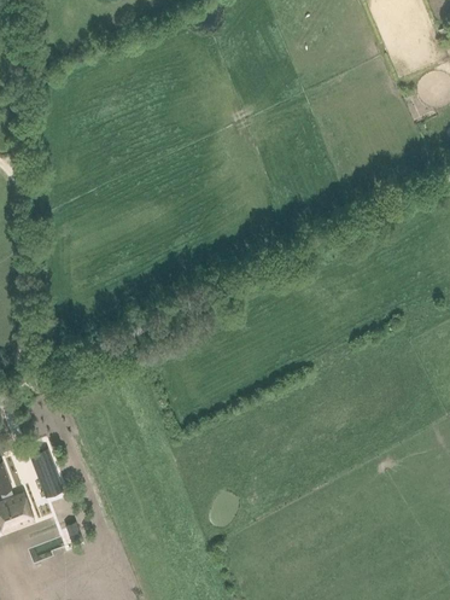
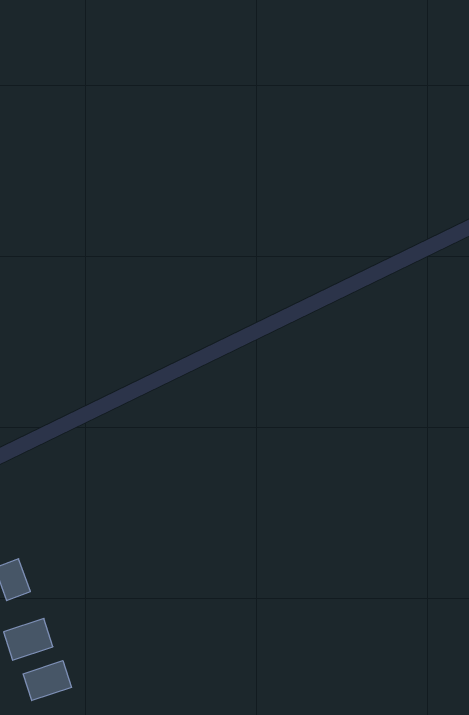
building: none -> [23,661,71,701]

